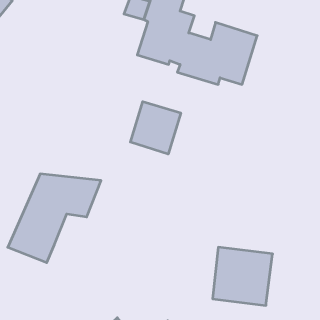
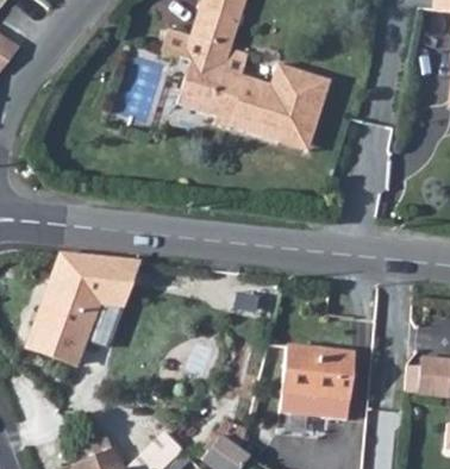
building: [130,102,181,154] -> none
building: none -> [79,302,119,349]

